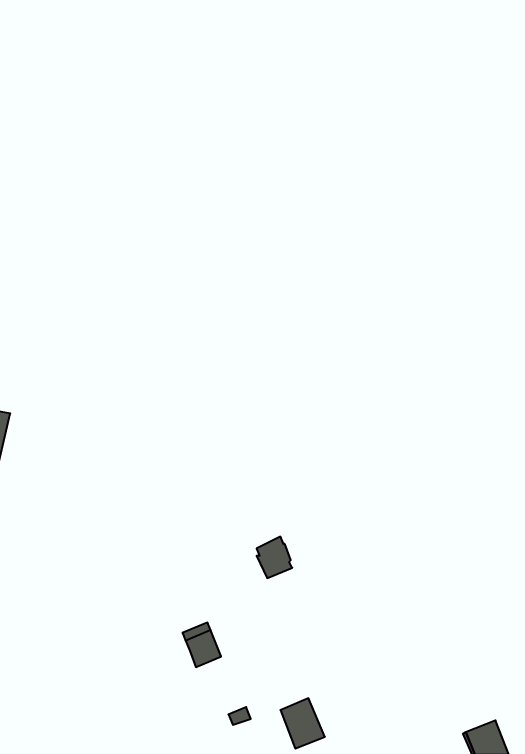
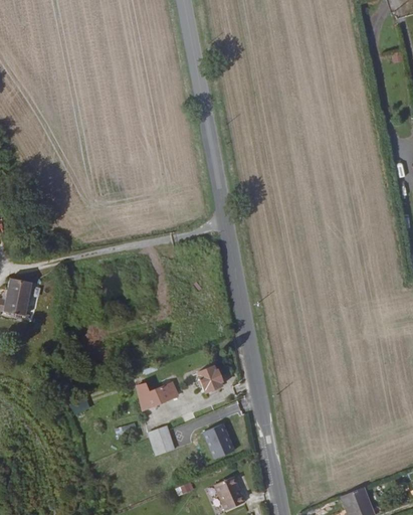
building: none -> [139,382,179,411]
building: none -> [204,422,235,458]

